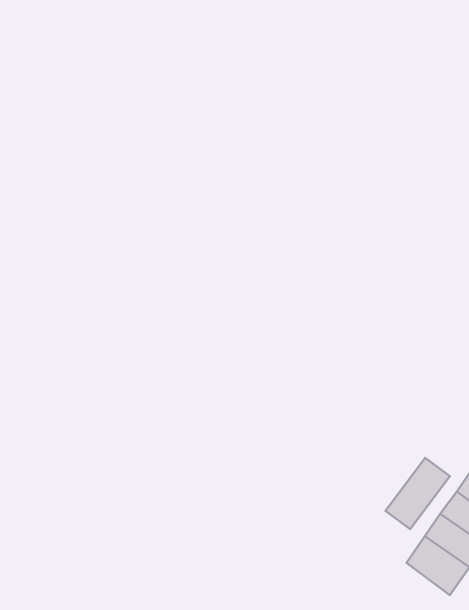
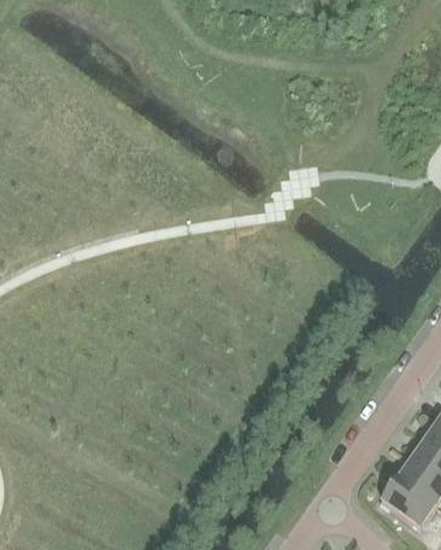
building: [386,458,450,529] -> none

